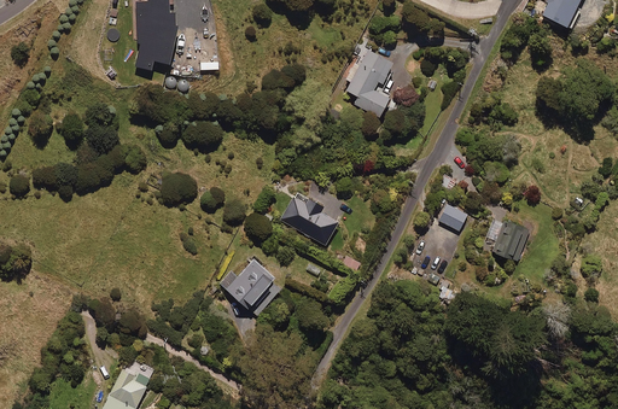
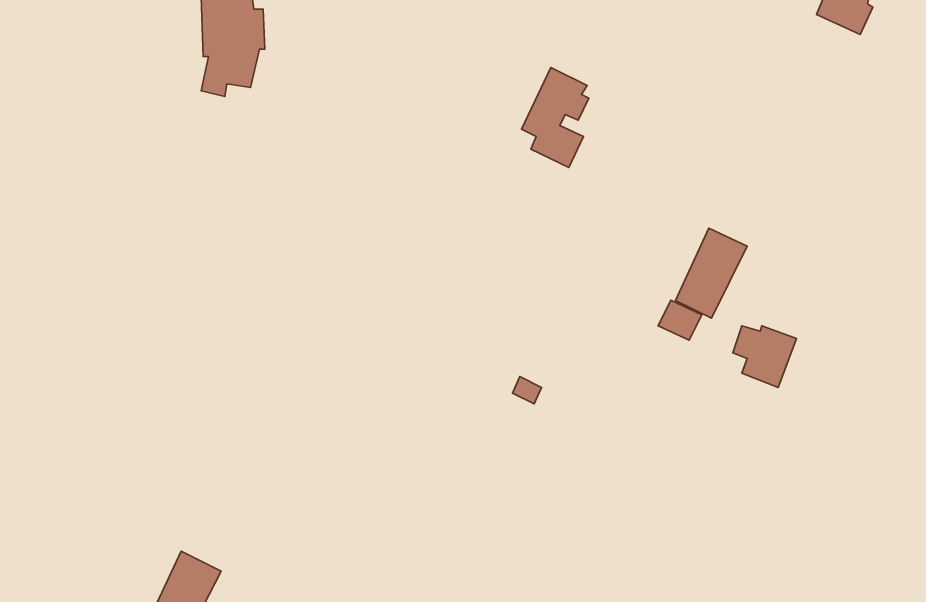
building: none -> [676,228,747,318]
building: [280,191,337,244] -> none
building: [220,258,279,315] -> none

